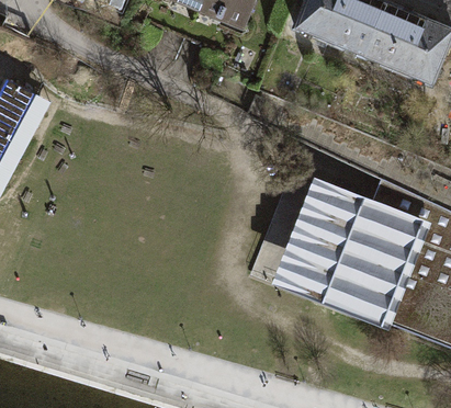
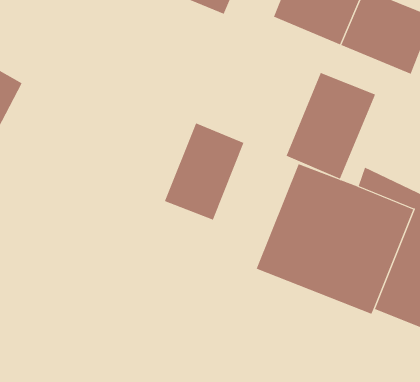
building: none -> [286,72,376,180]
building: none -> [164,122,244,221]

